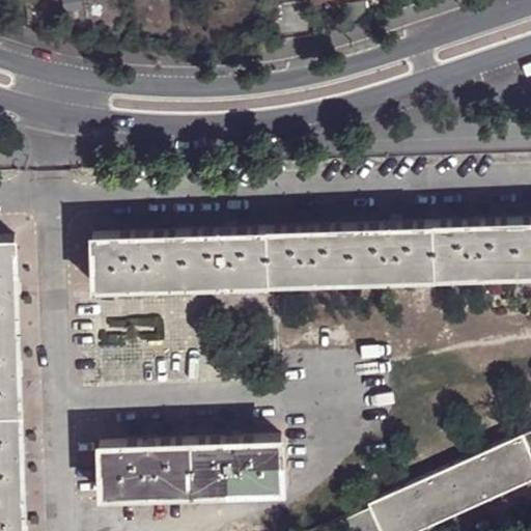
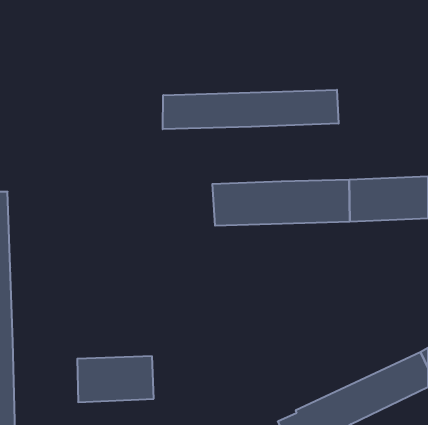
building: none -> [163,90,339,129]
building: [88,235,262,292] -> none
building: [186,442,278,498] -> none

